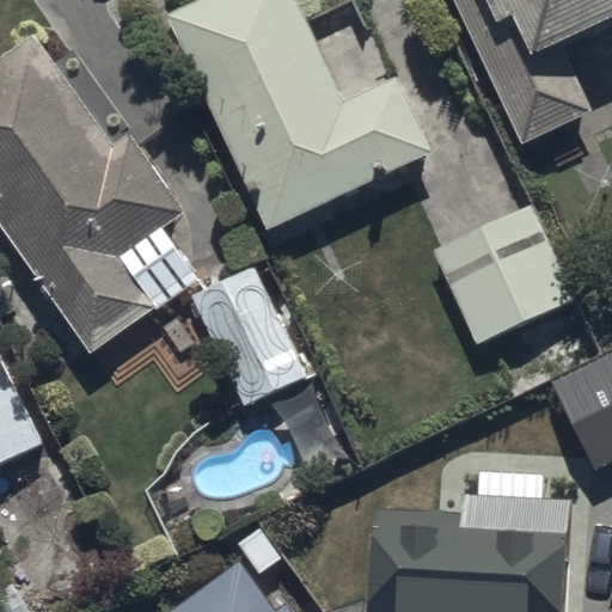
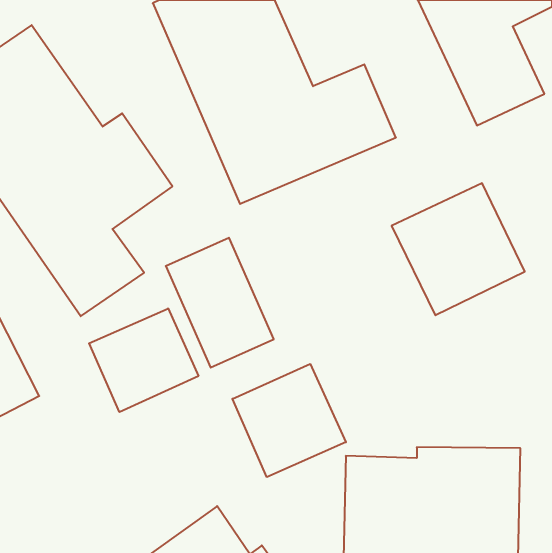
building: none -> [89,308,198,412]
building: none -> [232,364,346,477]

